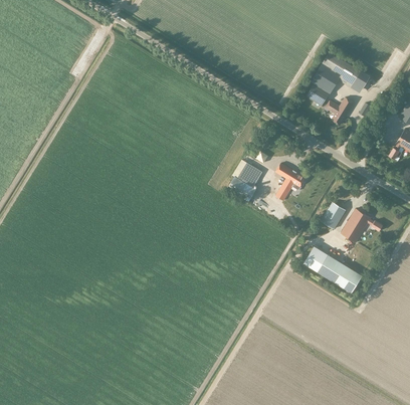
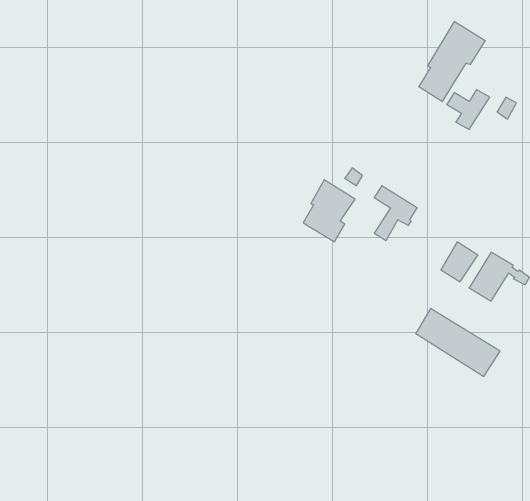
building: [341,64,370,92] -> none

